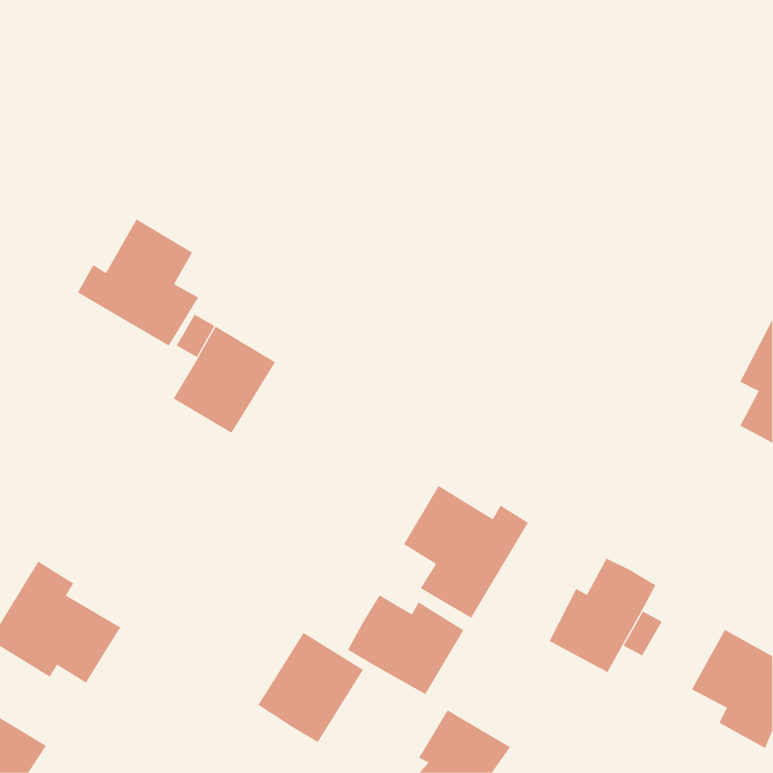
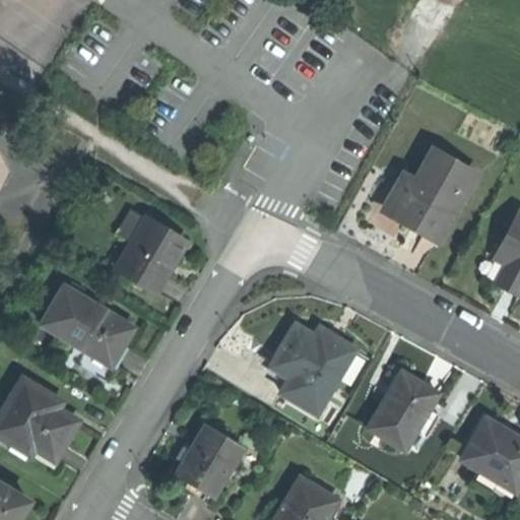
building: [77,219,199,347] -> none
building: none -> [386,152,476,242]
building: none -> [42,286,134,365]
building: [347,595,464,695] -> none

